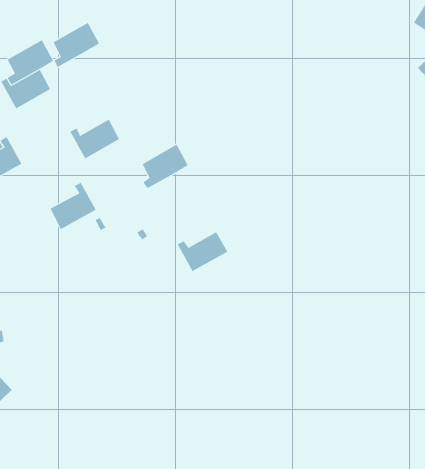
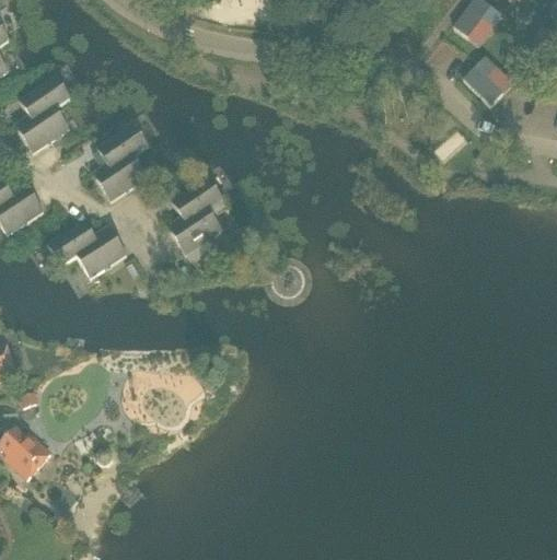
building: [53,22,100,68] -> [98,124,149,175]
building: none -> [48,220,107,266]
building: [177,232,228,272] -> [167,209,223,254]

